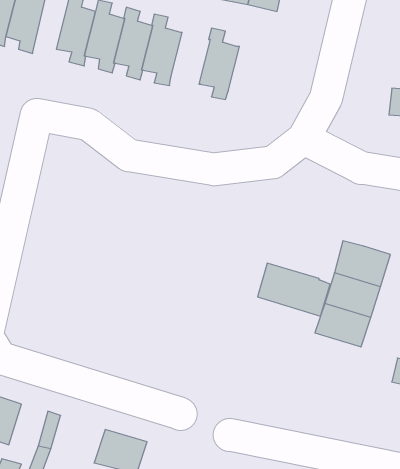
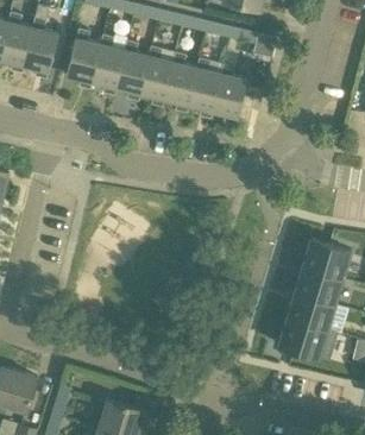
building: none -> [164,52,197,114]
building: none -> [213,64,246,125]
building: [258,263,330,316] -> [276,317,338,362]

